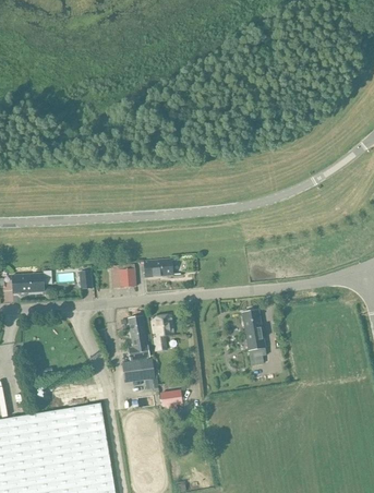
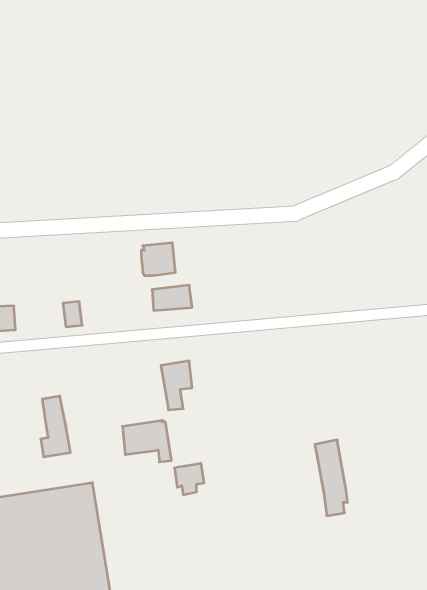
building: [111,264,136,288] -> [141,243,175,275]
building: [242,310,266,365] -> [315,440,348,516]
building: [128,316,149,361] -> [41,396,70,457]

